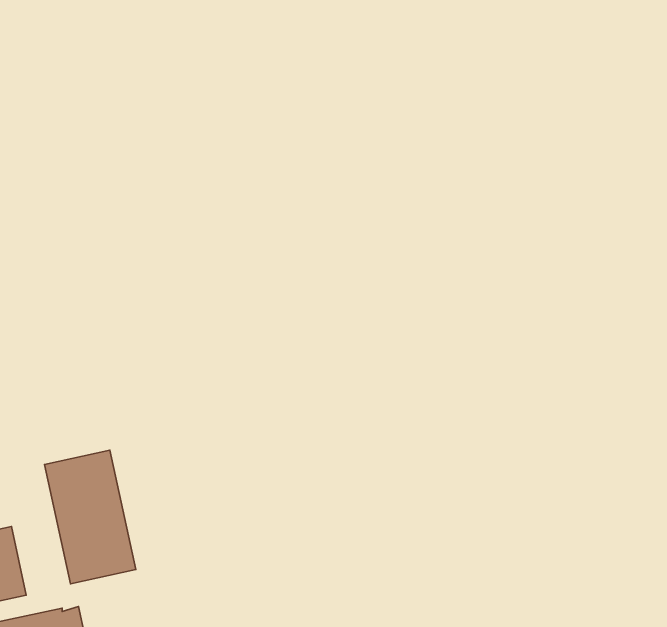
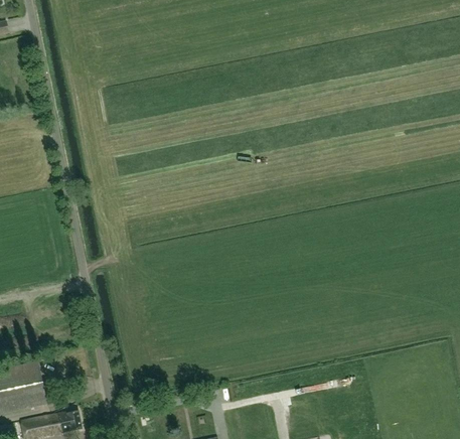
building: [44,450,136,584] -> none

